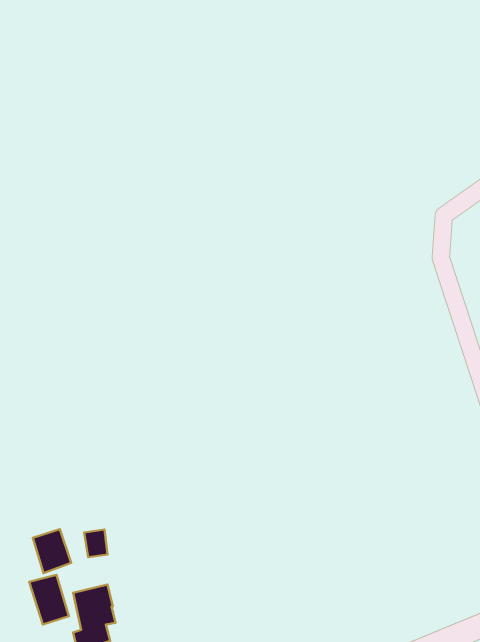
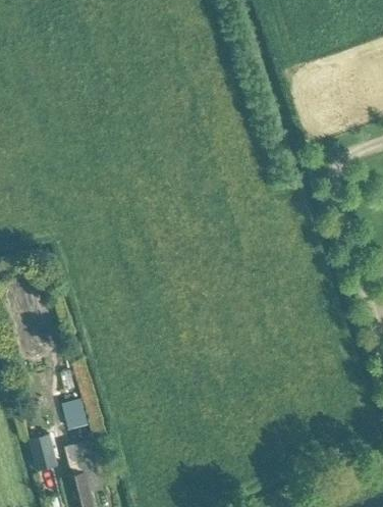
building: [33,529,71,573] -> none

